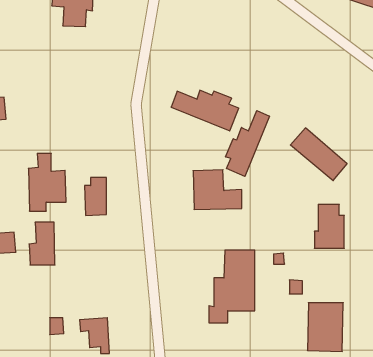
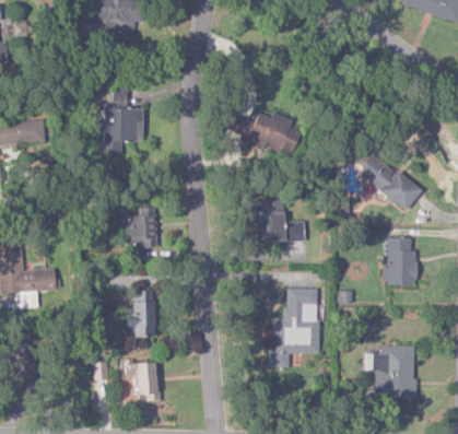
building: [226,111,269,176] -> none
building: [28,153,66,211] -> [102,89,143,152]
building: [29,222,55,265] -> [126,291,154,338]

